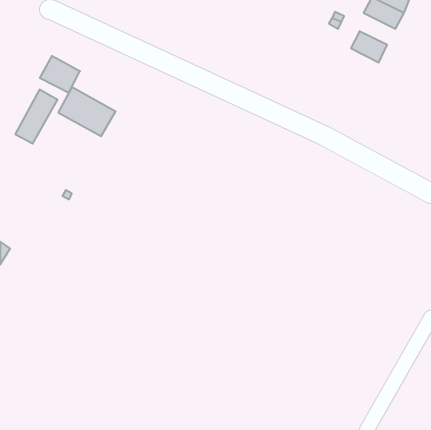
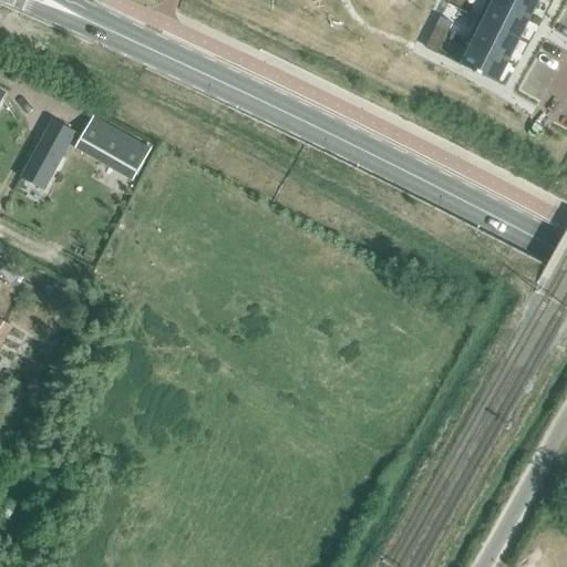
building: none -> [466,17,519,59]
building: [40,56,80,93] -> none

